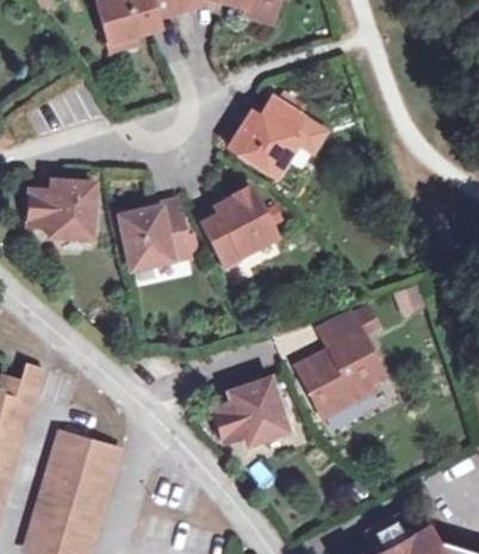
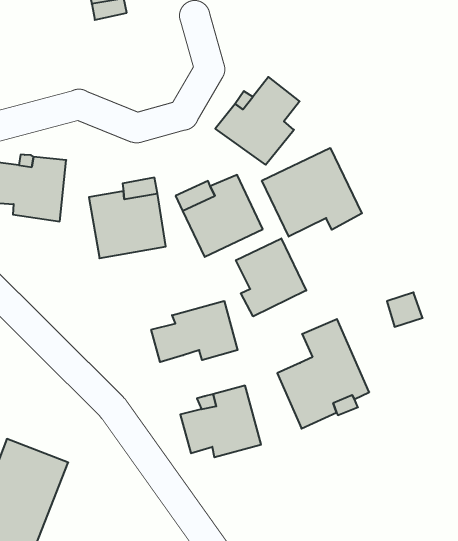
building: none -> [262,148,362,237]
building: none -> [236,238,306,316]
building: none -> [151,301,238,362]

